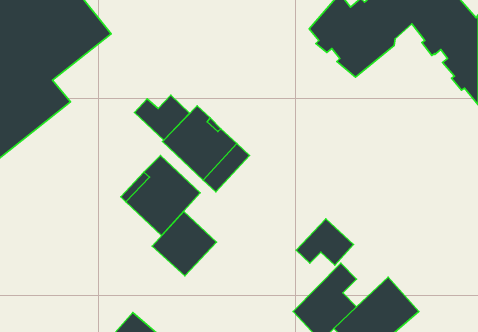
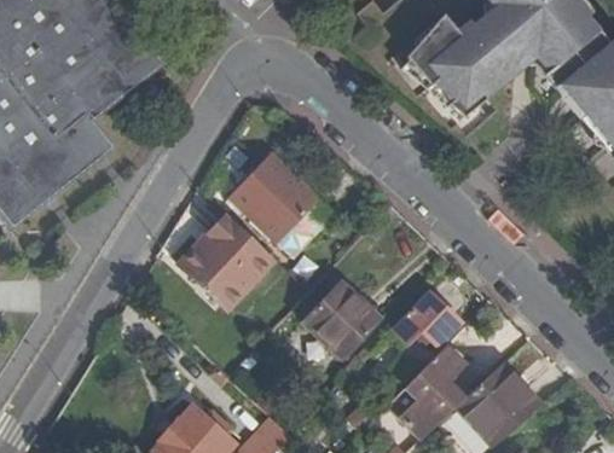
building: [135,95,189,140] -> none
building: [152,212,216,276] -> [301,279,380,358]

